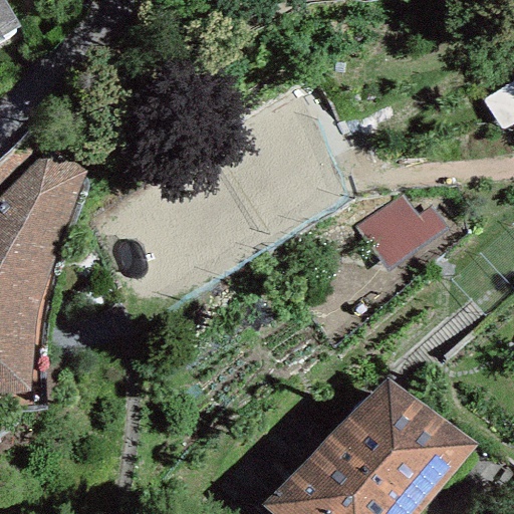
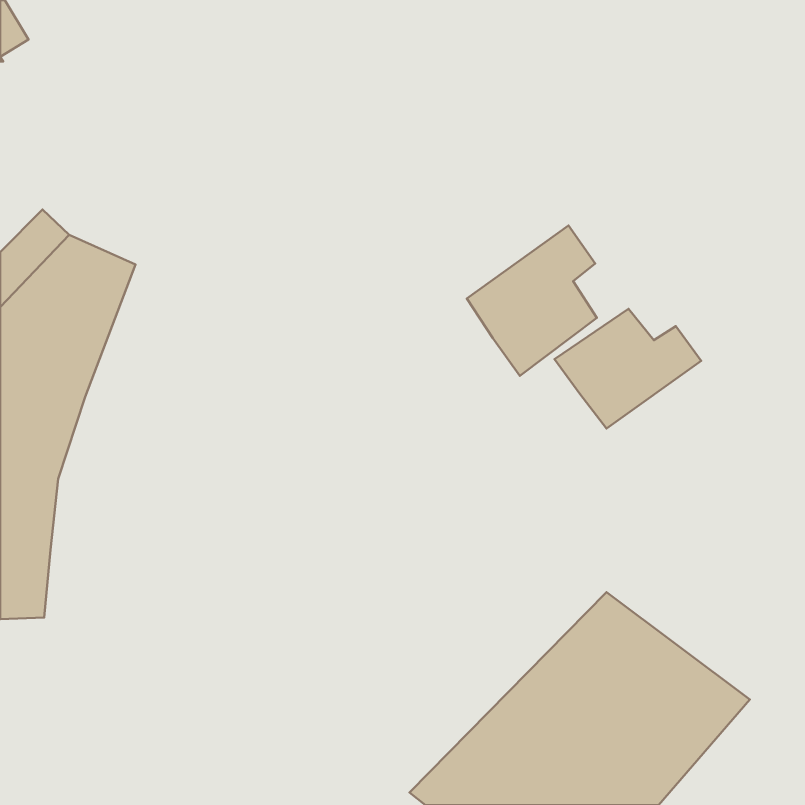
building: none -> [467,226,597,376]

